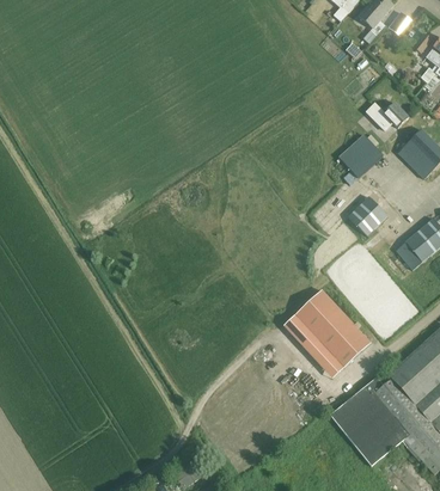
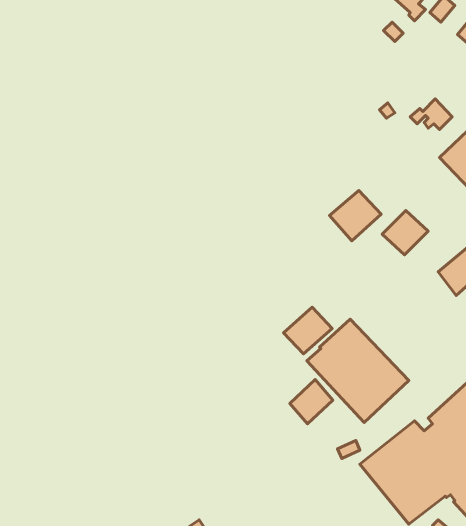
building: [338,135,383,178] -> [329,190,381,241]
building: none -> [284,307,332,354]
building: none -> [290,380,333,424]

